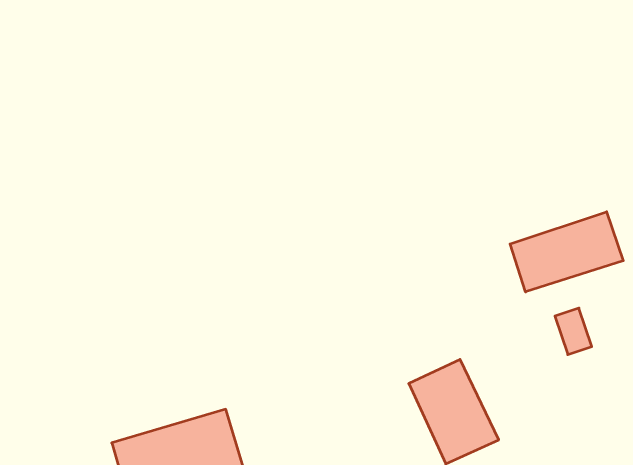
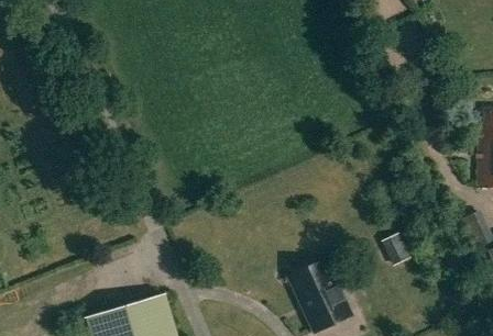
building: [510,212,623,292] -> none

